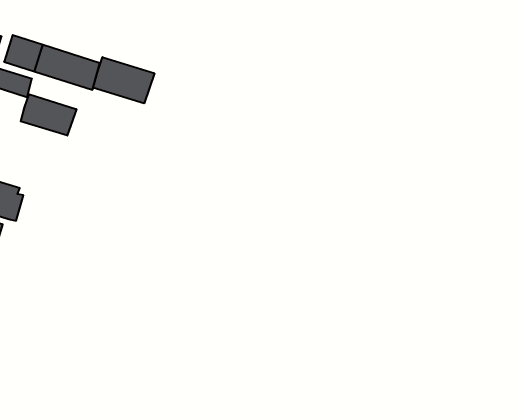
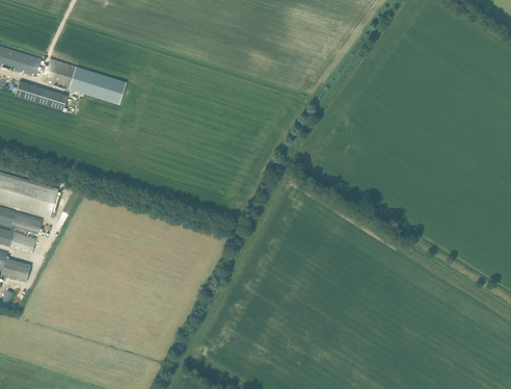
building: [93,57,154,103] -> none
building: [21,94,76,136] -> none

